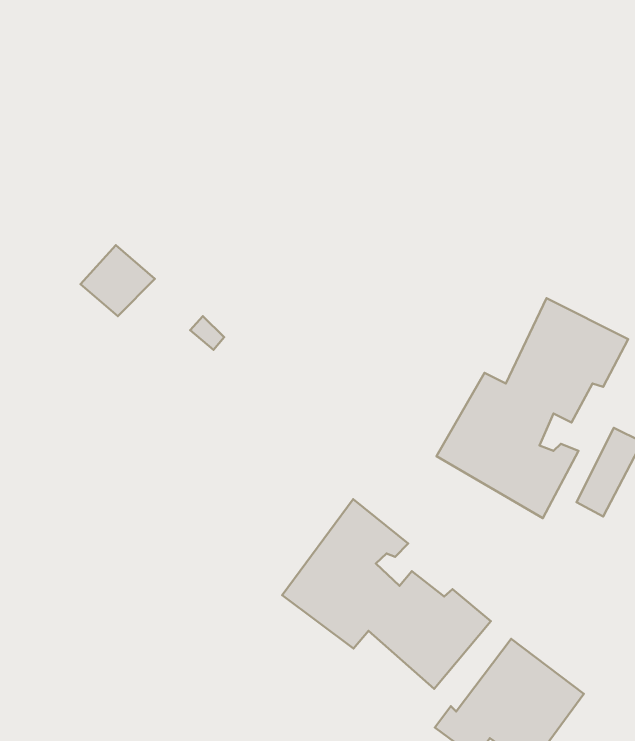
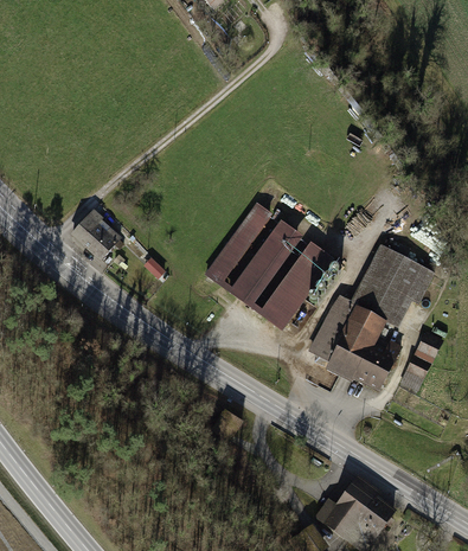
building: none -> [203,200,334,331]
building: [282,499,491,689] -> none

